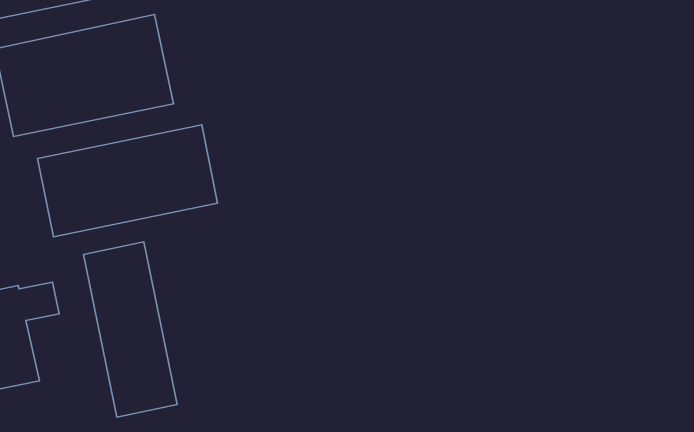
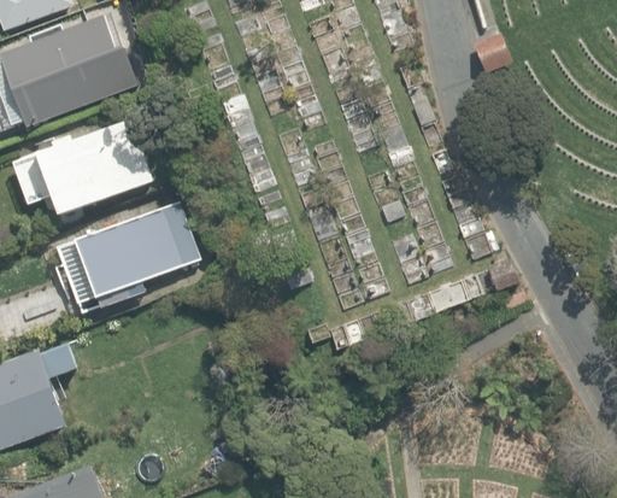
building: [83,242,177,417] -> none

